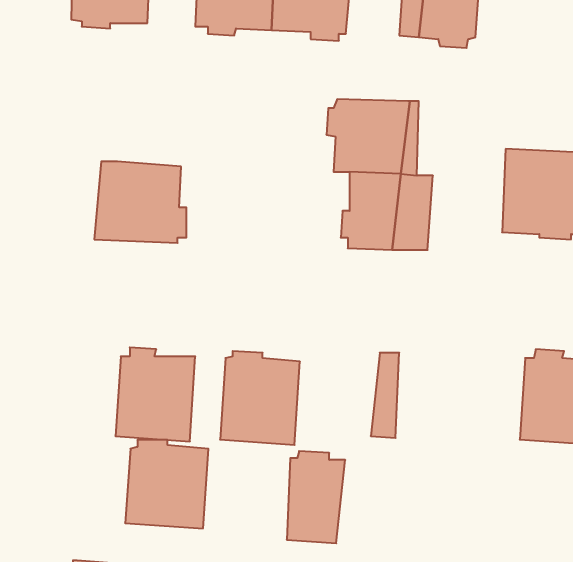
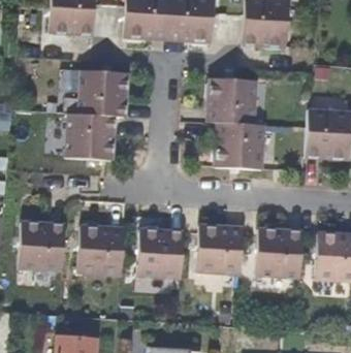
building: none -> [79,73,135,119]
building: none -> [256,225,301,278]
building: [125,440,208,528] -> [20,223,68,275]
building: [287,451,345,543] -> [198,222,232,276]

